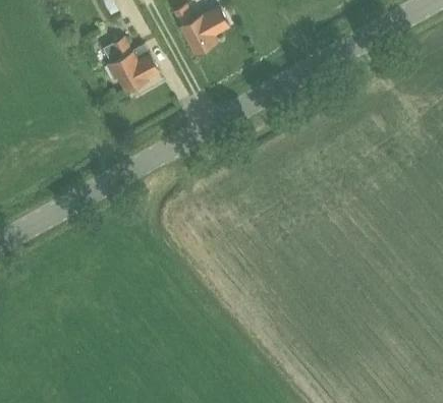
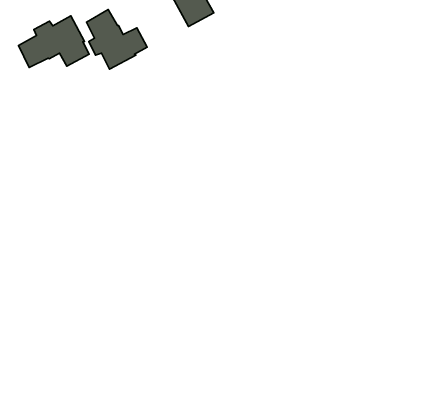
building: none -> [19,16,89,68]

